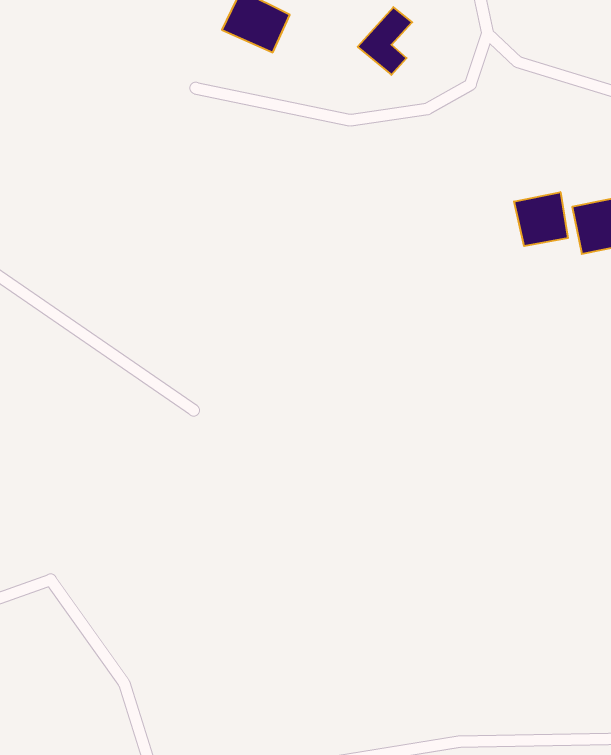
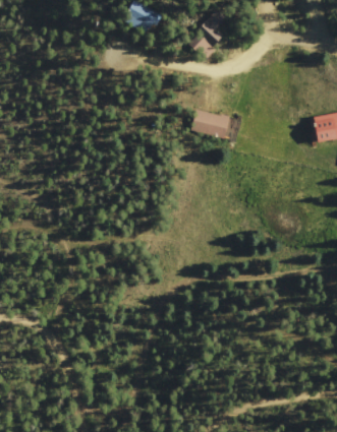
building: [514,192,568,246] -> none
building: none -> [190,110,230,138]

